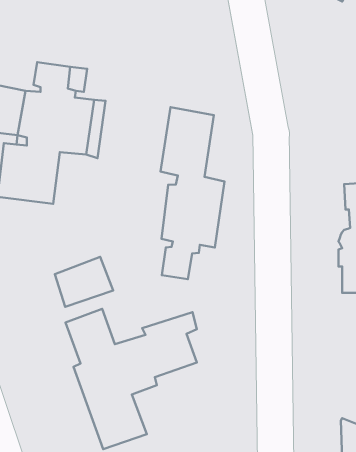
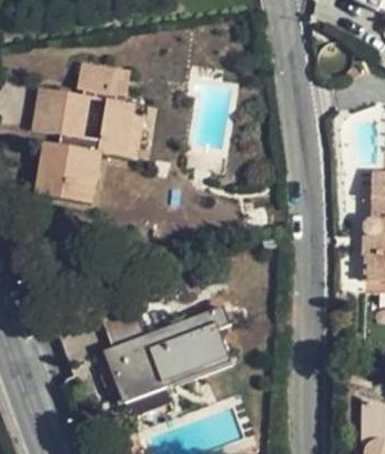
building: [160,107,225,279] -> none
building: [55,257,113,307] -> none

